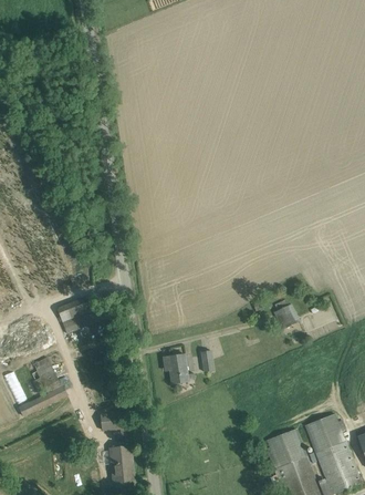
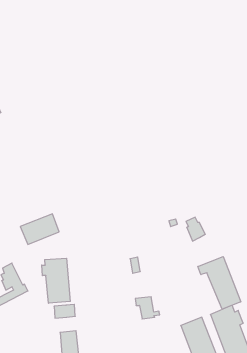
building: none -> [198,257,241,309]
building: none -> [42,258,70,303]
building: [163,354,195,383] -> [135,297,160,319]

